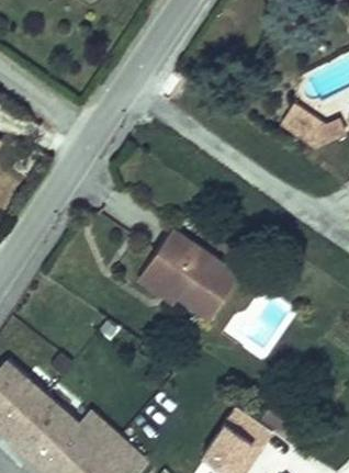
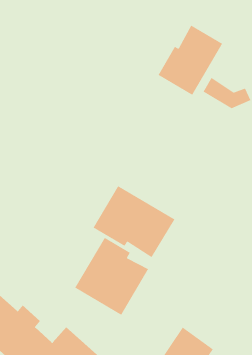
building: none -> [157,25,223,96]
building: none -> [74,237,149,316]

